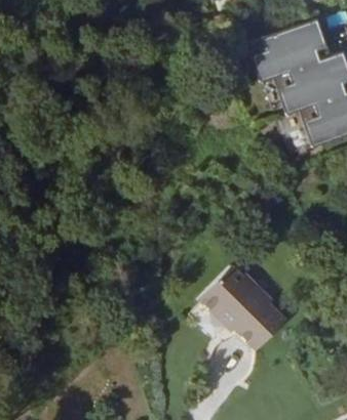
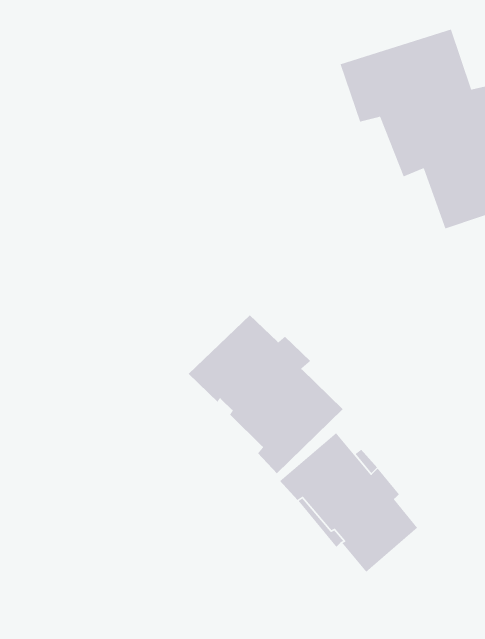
building: none -> [188,315,344,474]

